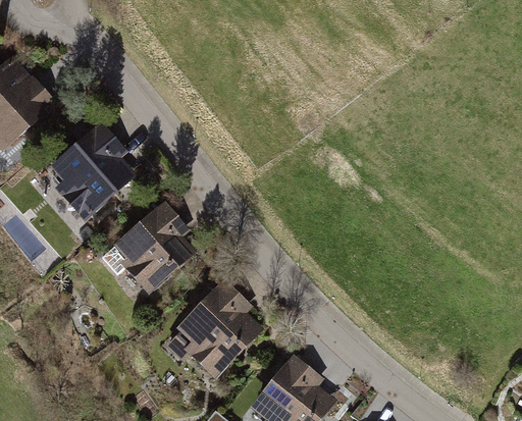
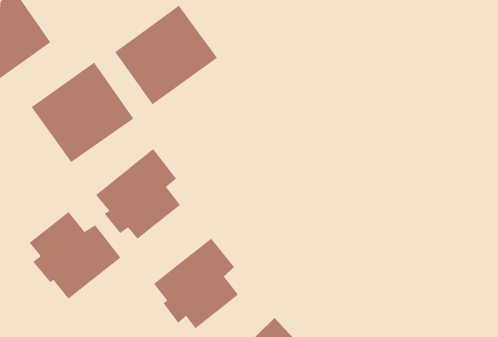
building: none -> [114,5,218,105]
building: none -> [29,211,121,299]

